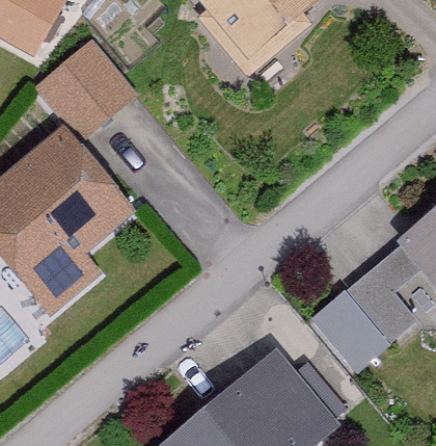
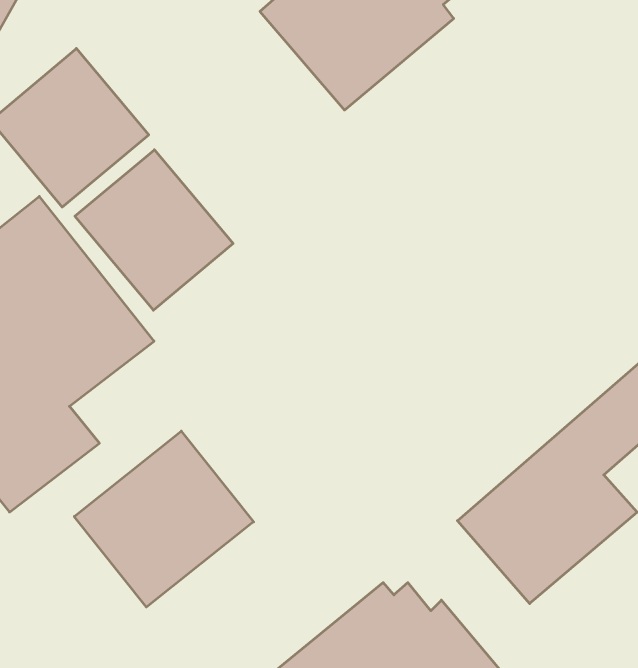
building: none -> [75,150,233,310]
building: none -> [74,431,254,607]

